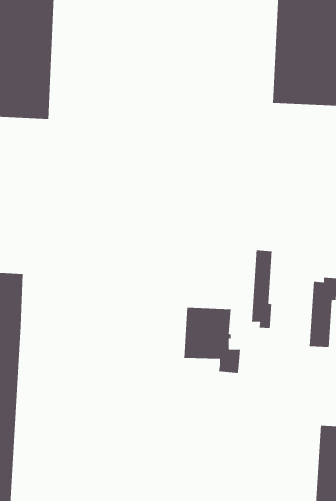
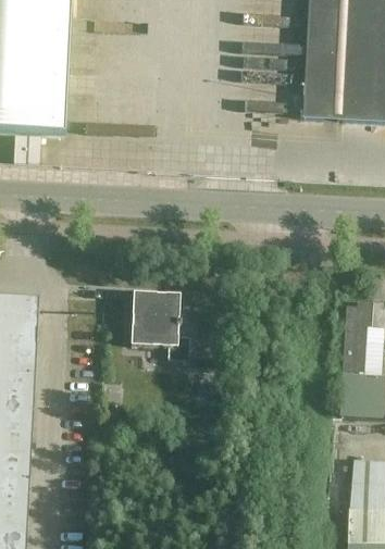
building: [252,250,272,329] -> none
building: [183,307,241,374] -> [129,291,190,362]

